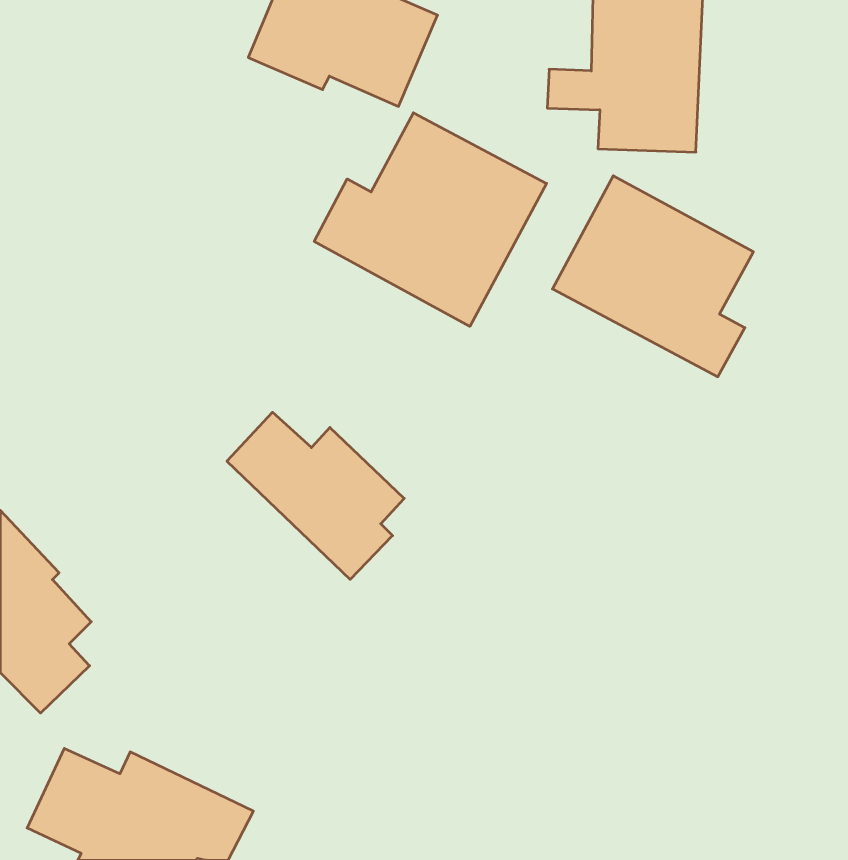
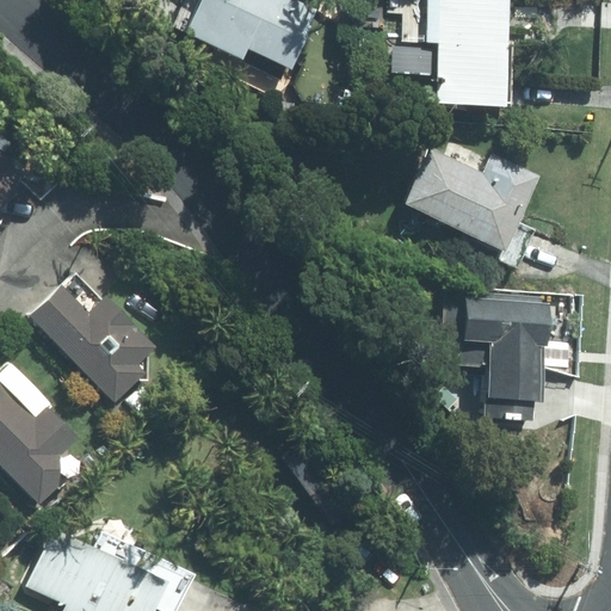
building: [314,113,547,326] -> none
building: none -> [440,289,551,407]
building: [227,412,404,579] -> [29,286,154,405]

